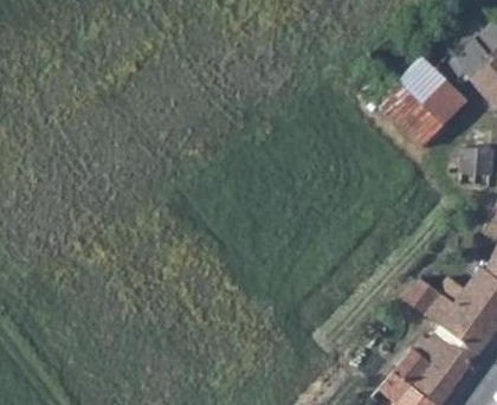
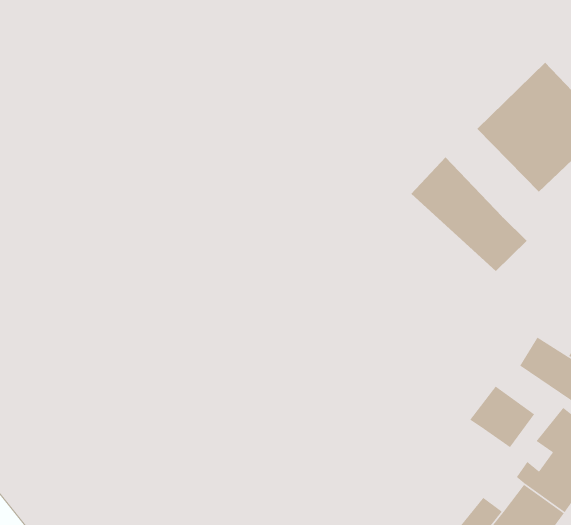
building: none -> [410,157,528,272]
building: none -> [469,385,535,448]

